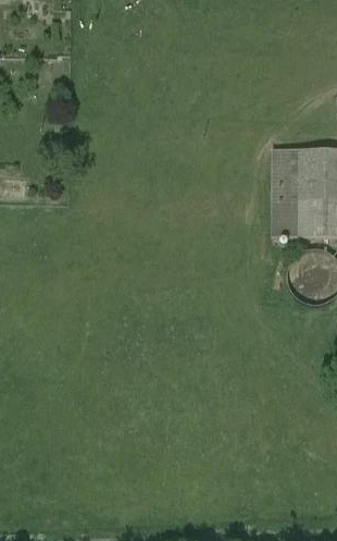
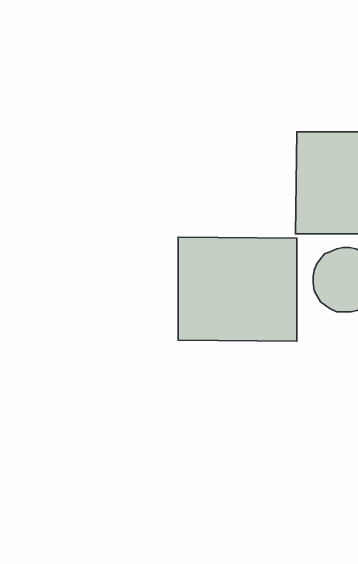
building: none -> [178,237,297,341]

